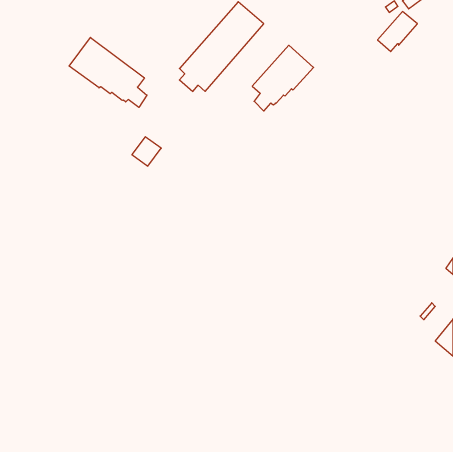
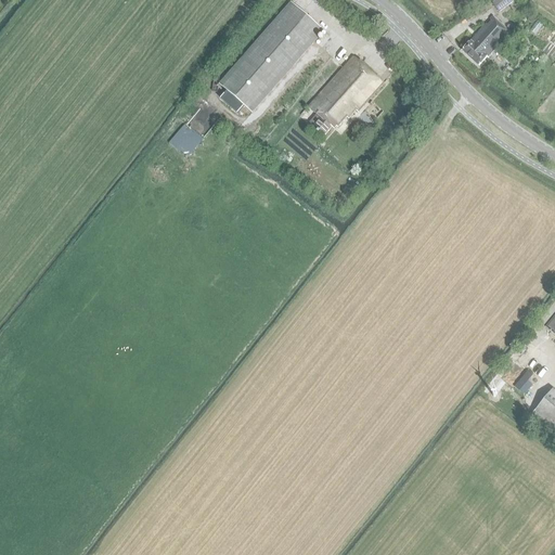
building: [69,37,147,107] -> none
building: [132,137,161,166] -> [176,114,211,150]

